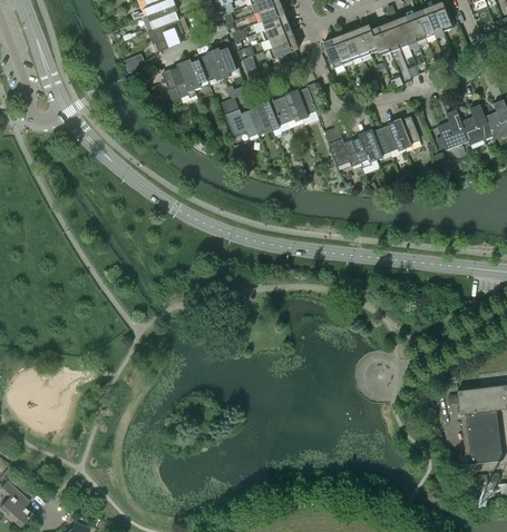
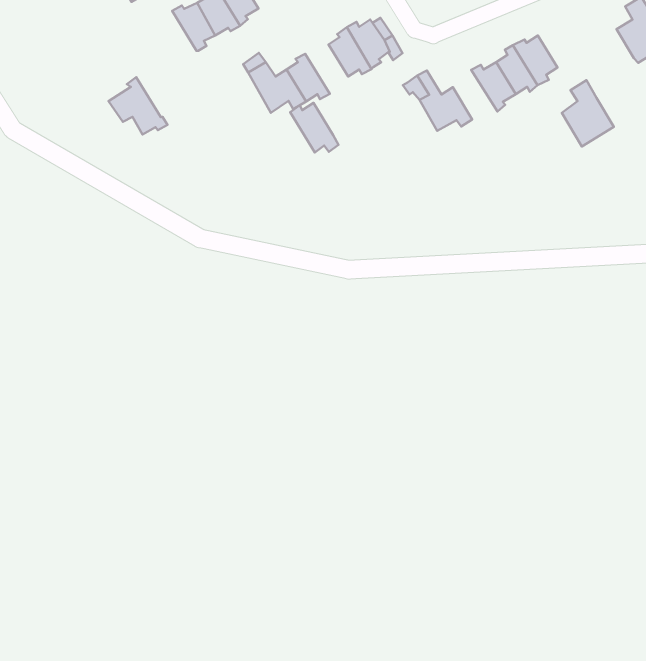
building: [163,62,197,99] -> [109,77,168,135]
building: [262,100,289,132] -> [290,103,338,152]
building: [437,109,468,150] -> [562,80,614,147]
building: [351,131,377,168] -> none

